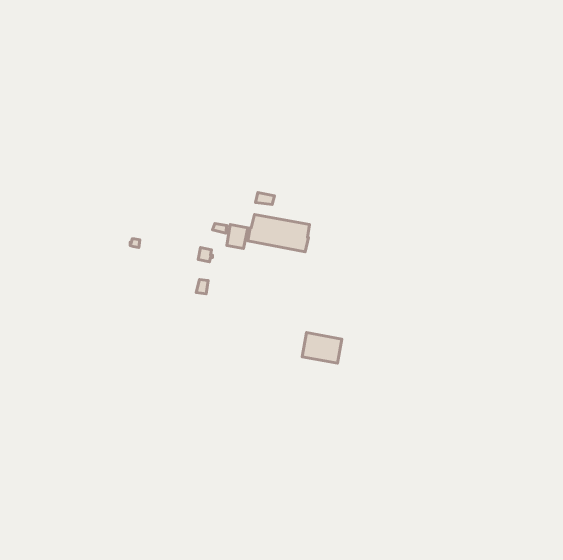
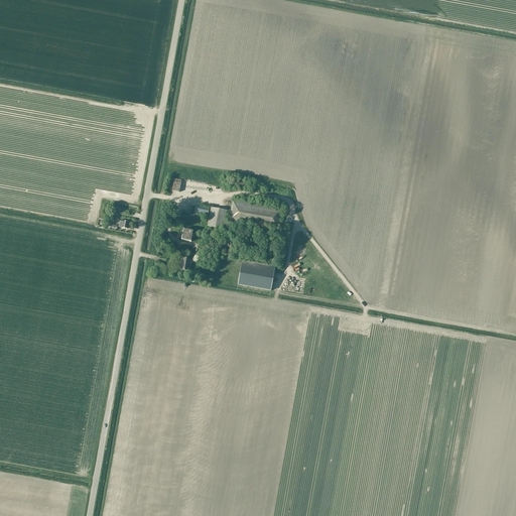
building: [302,332,342,363] -> [238,261,274,289]

